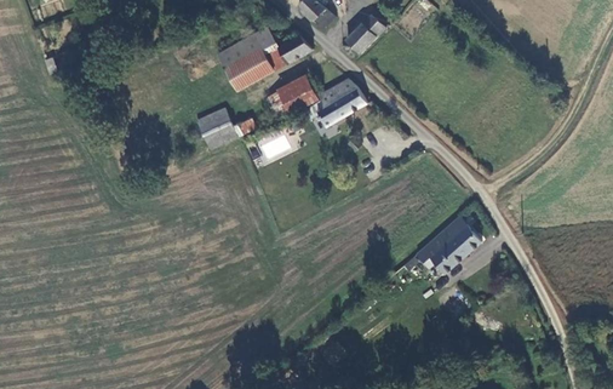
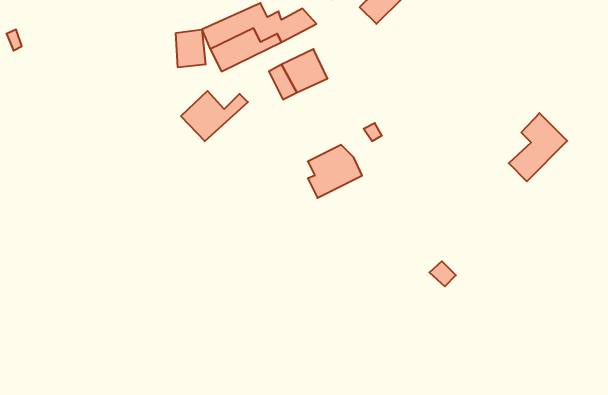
building: none -> [176,30,205,67]
building: [317,79,365,125] -> [308,145,362,198]
building: [432,214,483,274] -> [509,113,567,181]

